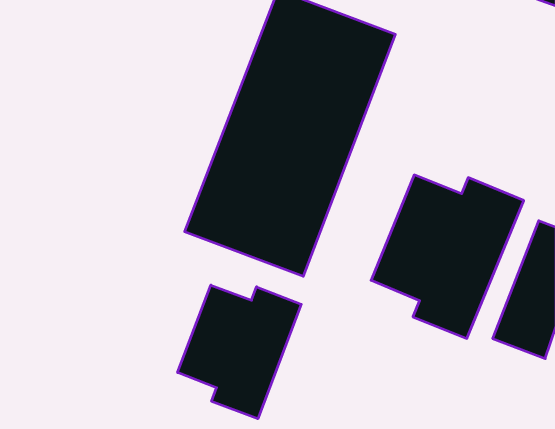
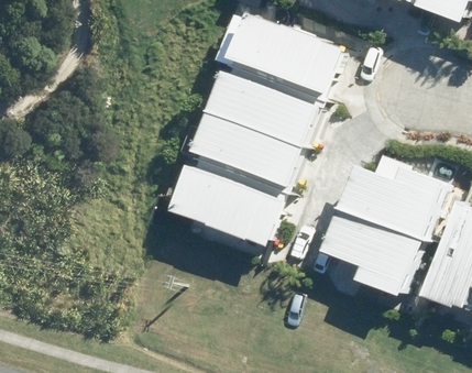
building: [178,285,301,419] -> none

